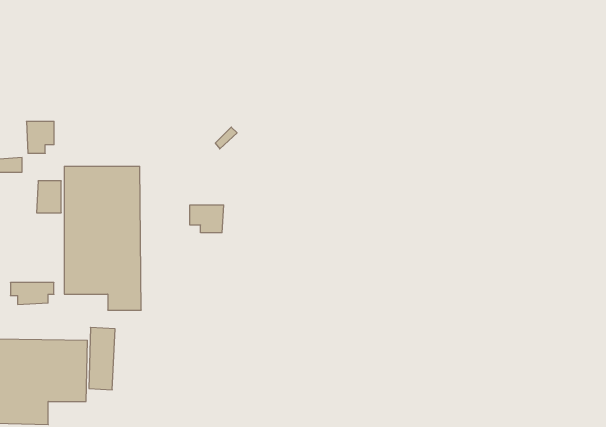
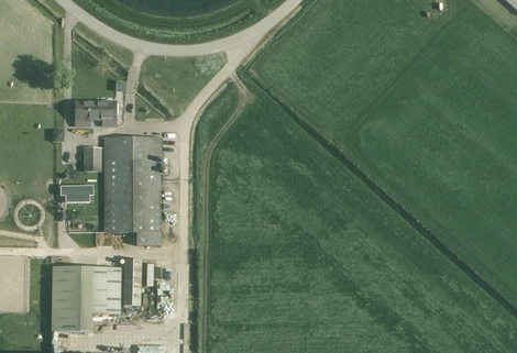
building: none -> [96,102,116,126]
building: [190,205,224,233] -> none
building: [10,283,54,304] -> [59,186,92,202]

